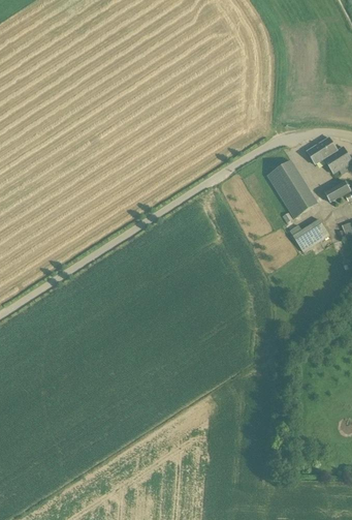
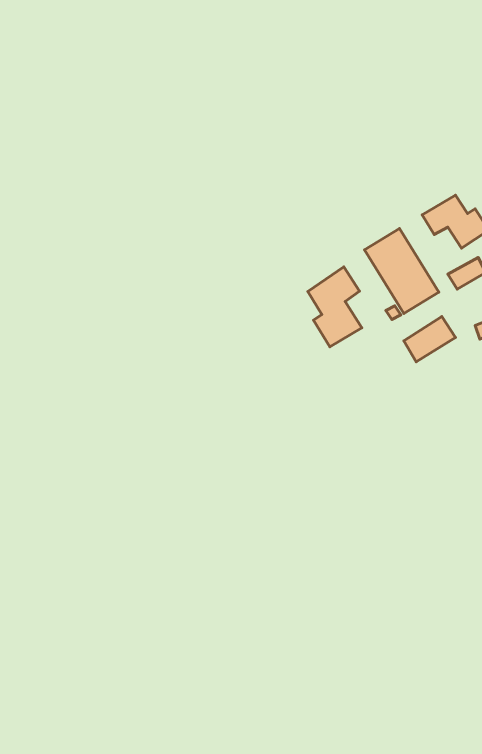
building: none -> [308,267,362,347]

